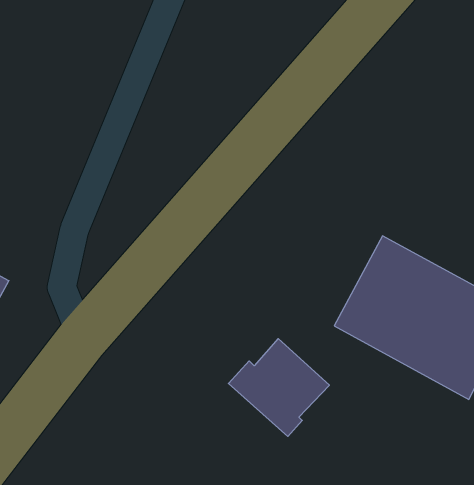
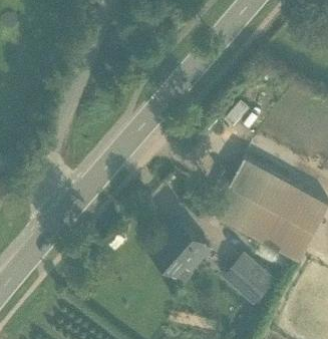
building: none -> [223,252,277,305]

